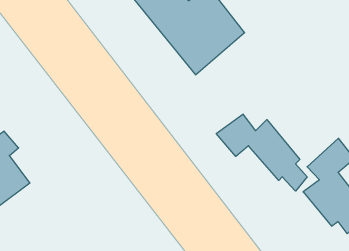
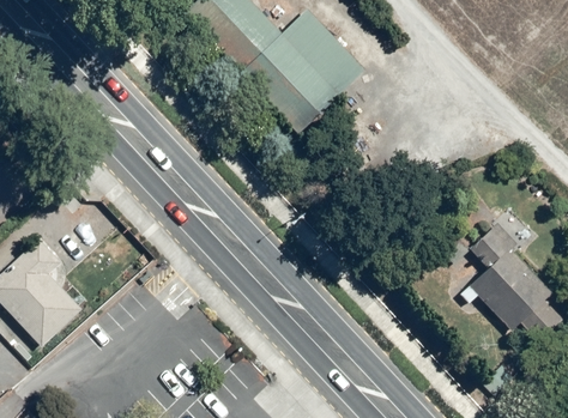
building: [216,114,307,191] -> none

